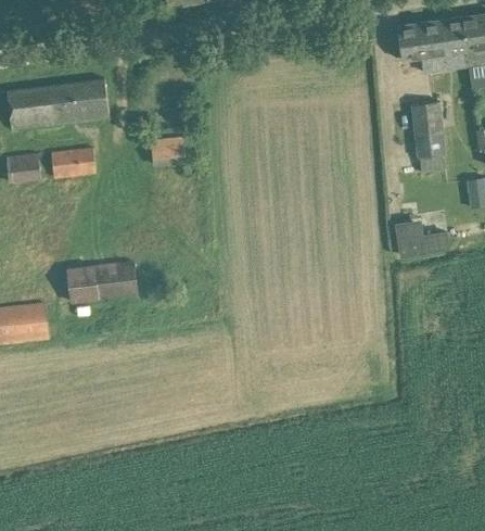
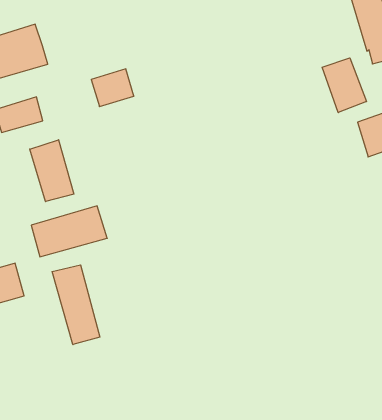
building: none -> [322,58,366,113]
building: none -> [30,140,74,202]
building: none -> [52,265,100,345]

